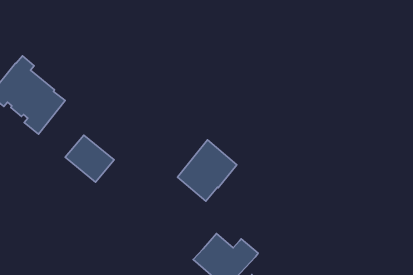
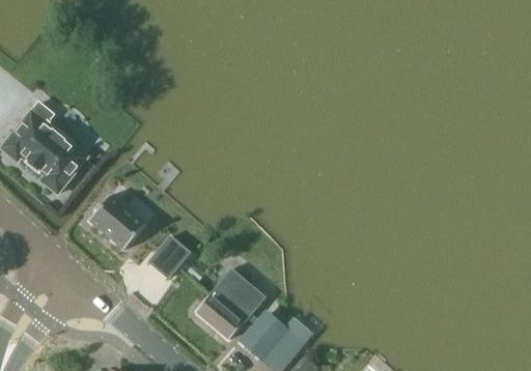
building: [177,140,237,201] -> [197,267,267,339]
building: none -> [149,236,190,278]

